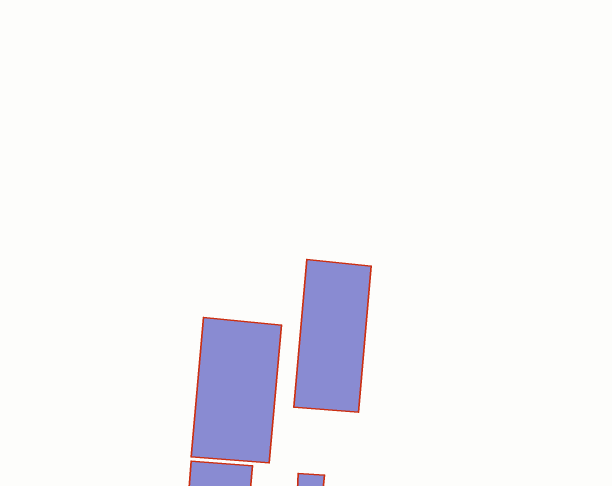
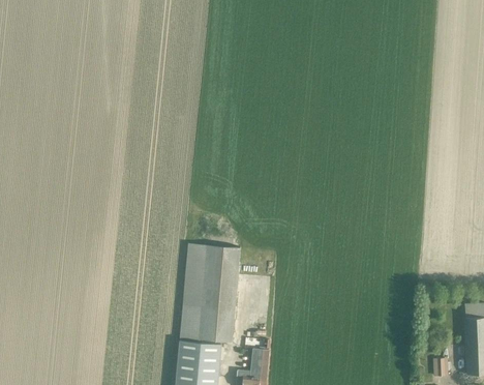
building: [294,260,371,412] -> none

